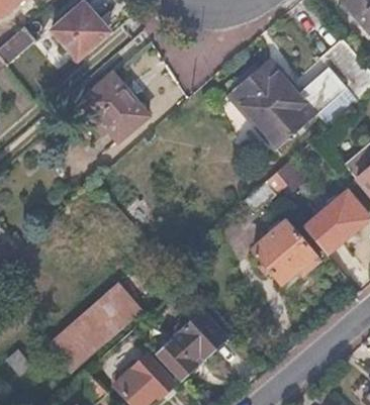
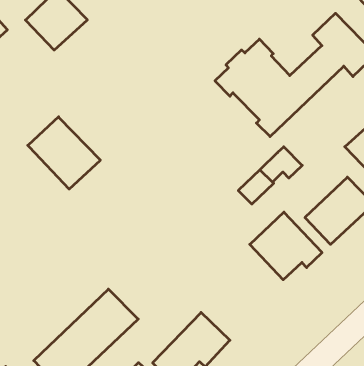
building: [81,74,148,141] -> [28,117,100,189]

